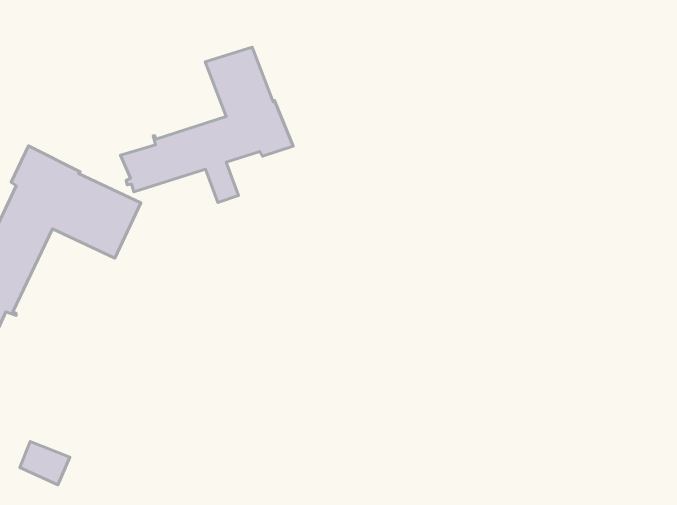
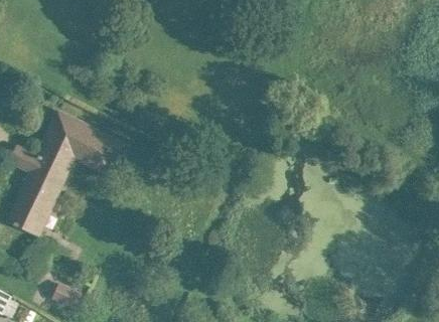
building: [120,47,293,203] -> none

